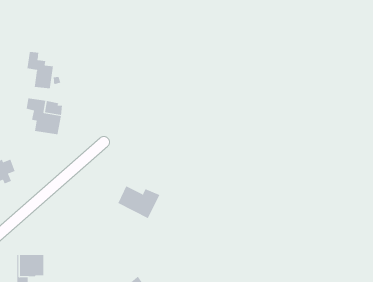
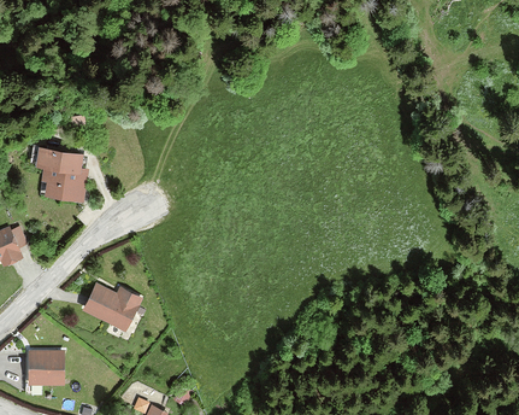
building: [27,51,54,89] -> none
building: [117,186,160,219] -> [85,286,141,329]

